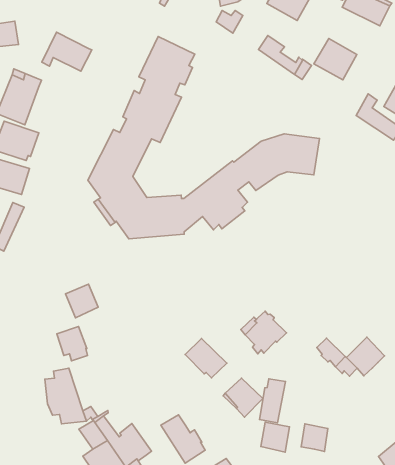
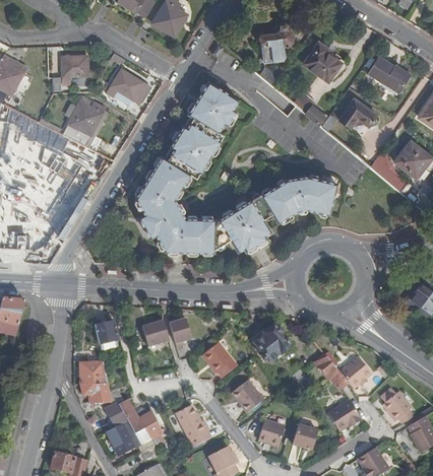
building: [66,284,98,318] -> [142,320,169,347]
building: none -> [169,318,192,346]
building: [259,379,285,423] -> none
building: none -> [327,399,362,430]

